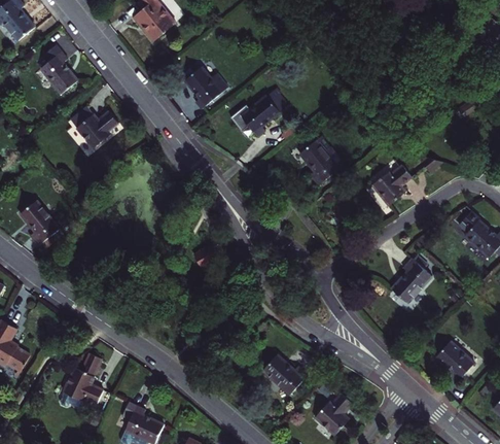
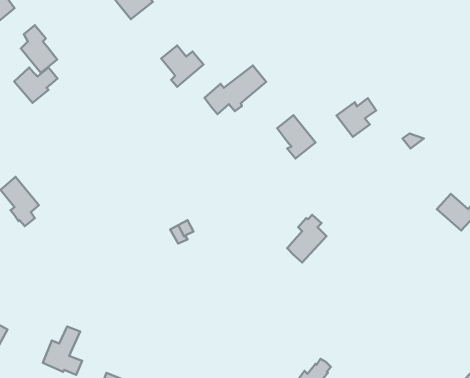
building: [73,110,117,146] -> [14,67,58,103]
building: [373,166,414,205] -> [337,98,376,137]
building: [391,254,431,303] -> [287,215,326,262]
building: [436,340,474,382] -> none
building: [263,354,308,395] -> none

